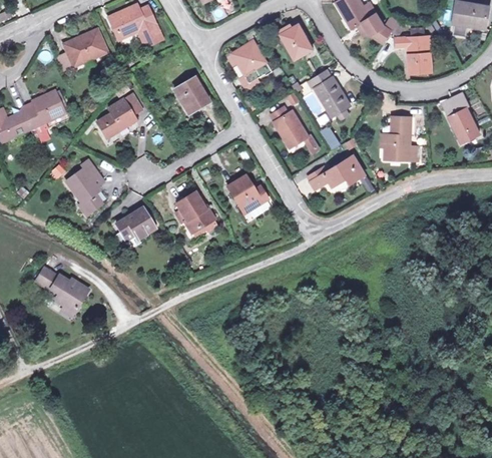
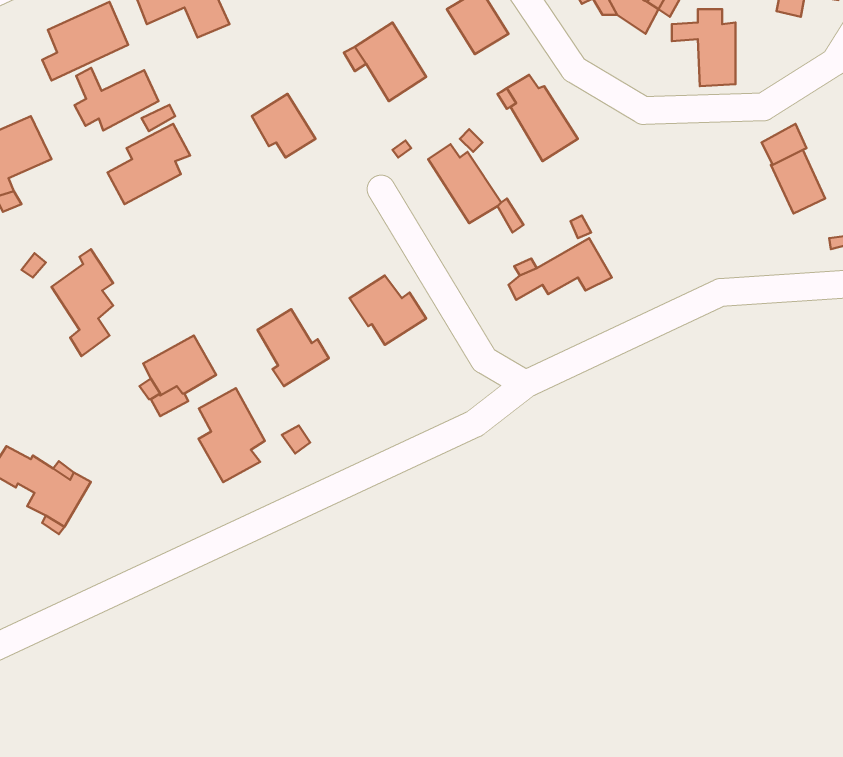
building: none -> [75,68,159,131]
building: [388,114,420,156] -> none
building: none -> [199,388,265,482]

